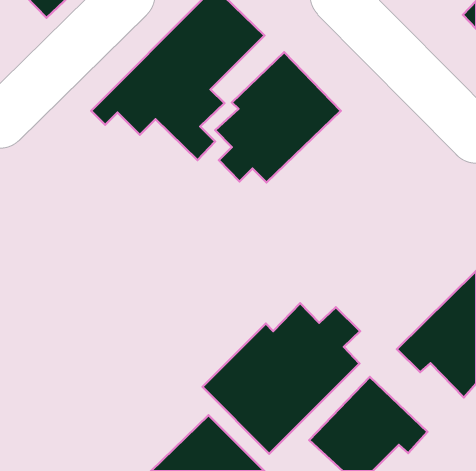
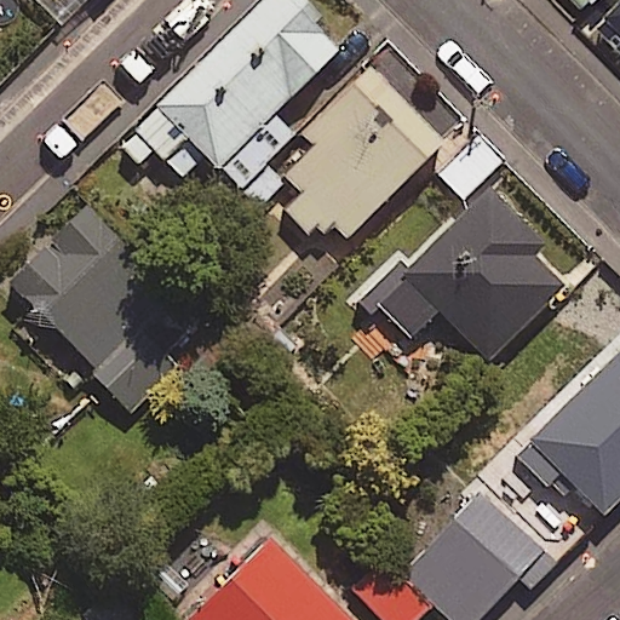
building: none -> [367,188,563,361]
building: none -> [7,205,199,408]
building: [203,303,360,454] -> none

